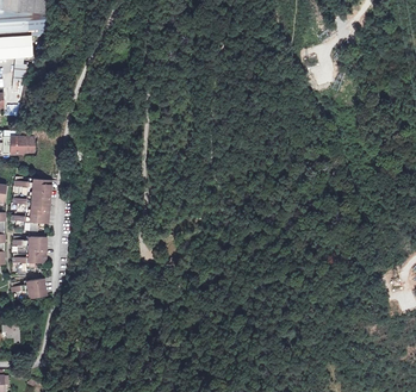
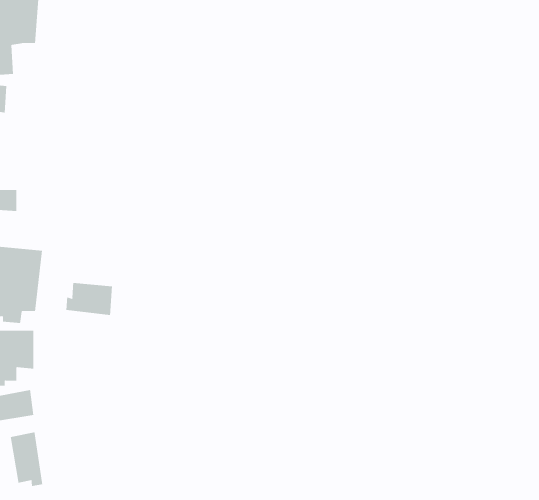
building: none -> [66,282,113,316]
building: none -> [10,431,43,487]

